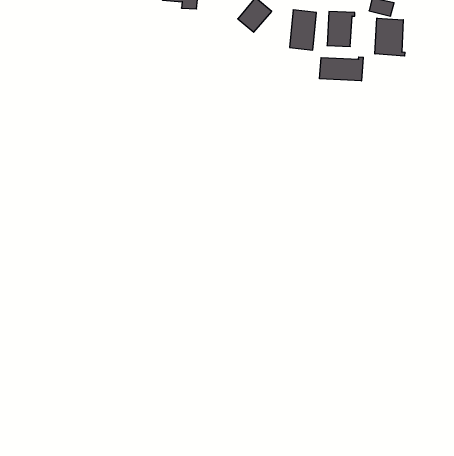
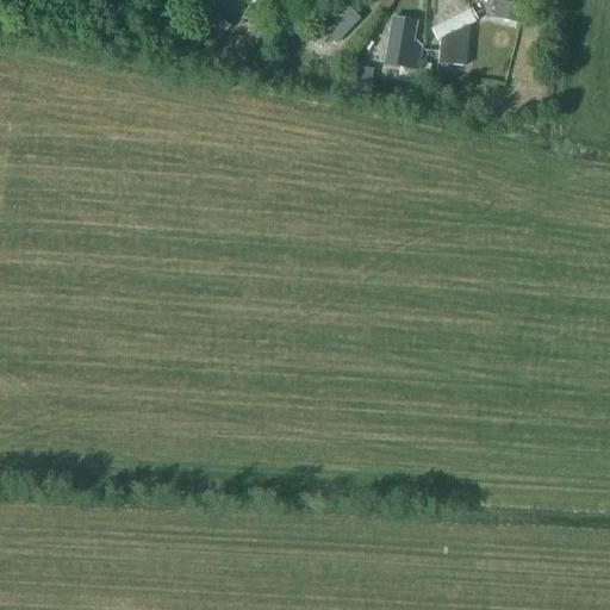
building: [375,18,405,56] -> none
building: [320,57,363,81] -> none

